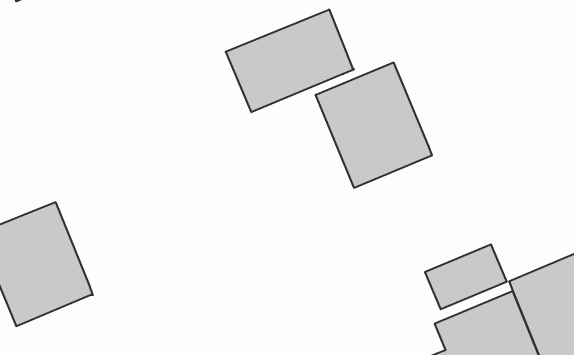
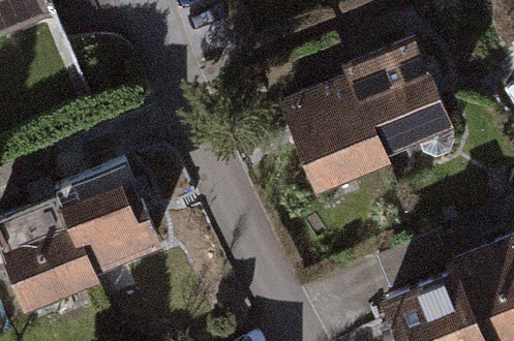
building: [226,9,354,112] -> none
building: none -> [349,42,455,160]
building: none -> [57,161,157,269]

